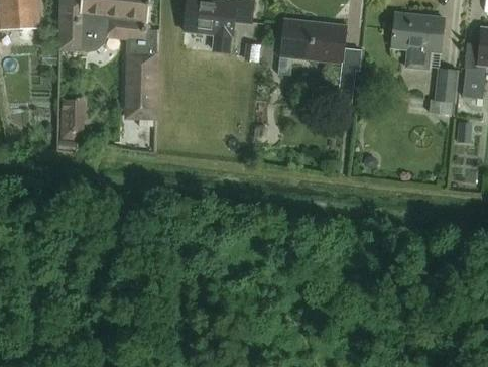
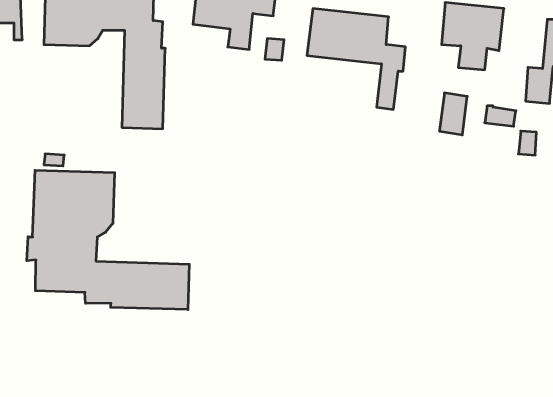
building: [436,69,459,104] -> [440,93,467,135]
building: [60,98,83,138] -> none
building: none -> [27,170,189,310]

